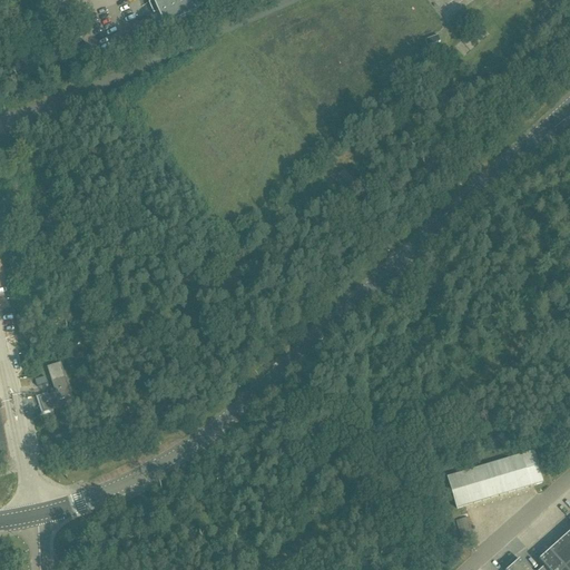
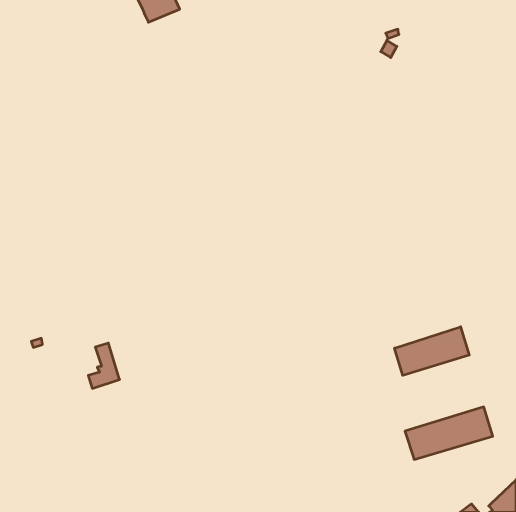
building: [39,360,73,410] -> [88,343,120,388]
building: none -> [395,327,469,375]

